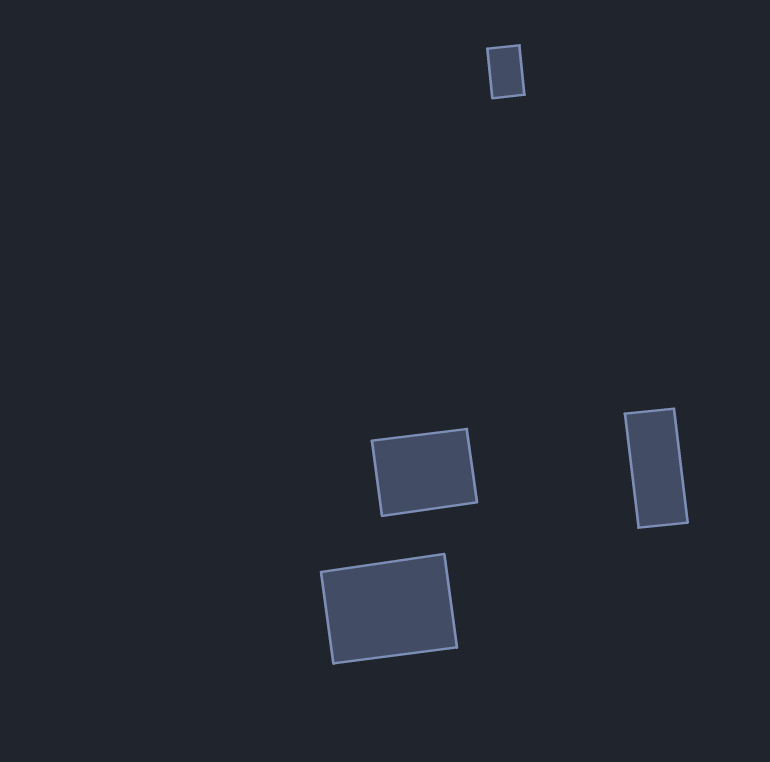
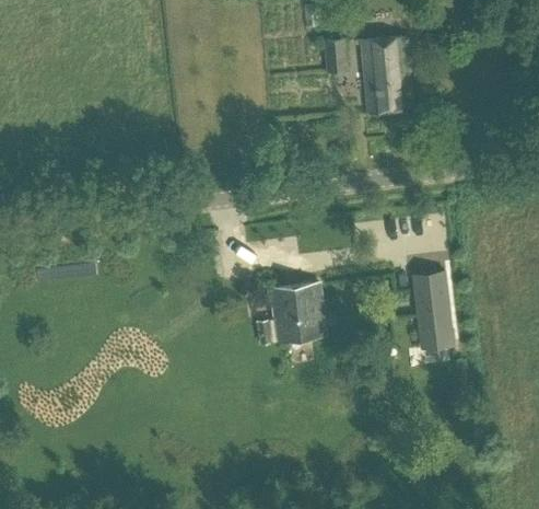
building: none -> [362,38,414,113]
building: [321,554,457,664] -> none

